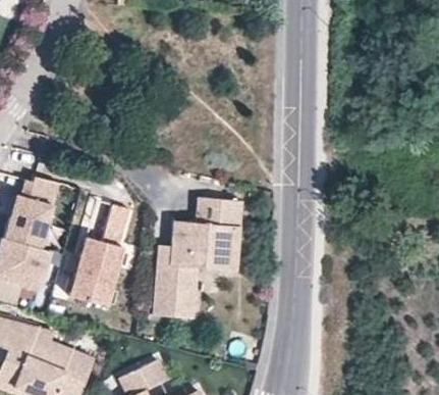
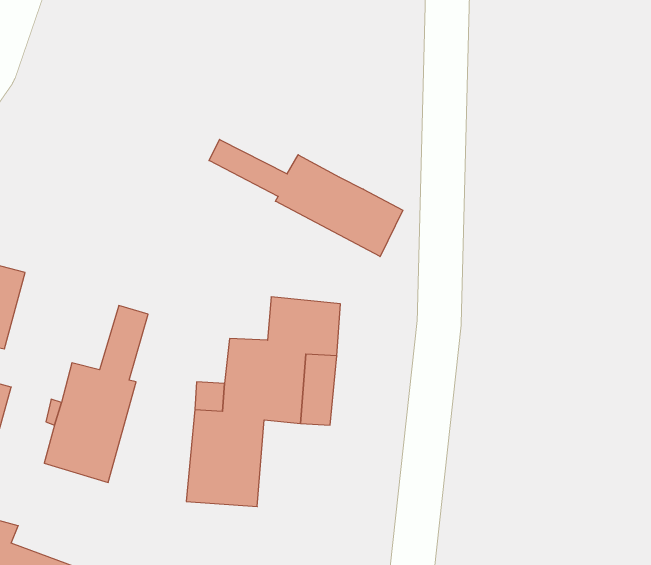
building: none -> [209,139,403,257]

